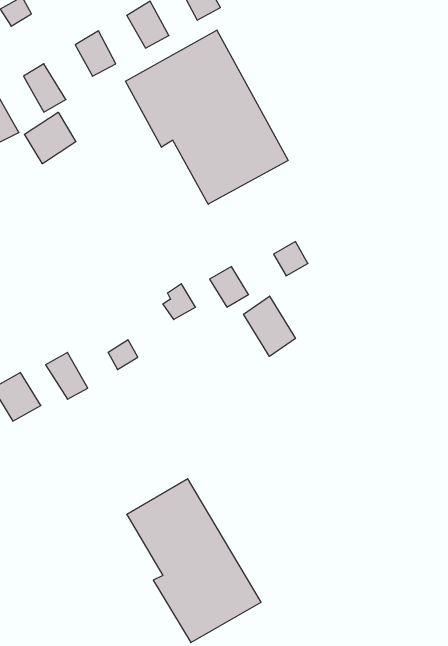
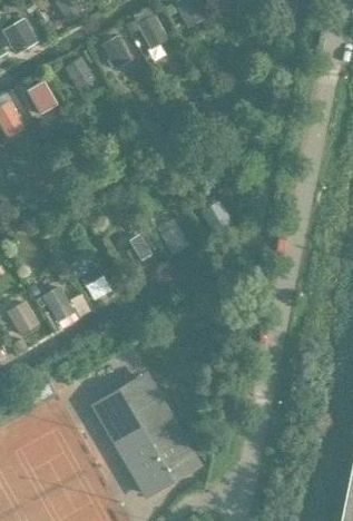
building: [126,30,288,204] -> none
building: [24,112,76,164] -> none
building: [244,296,295,356] -> none

